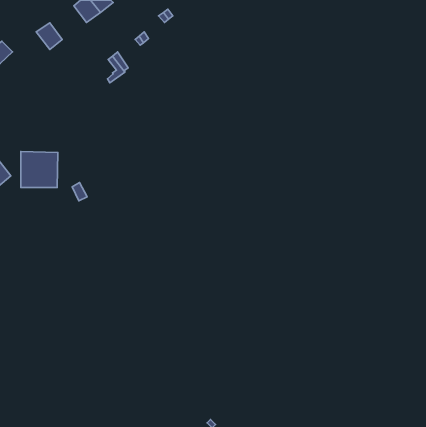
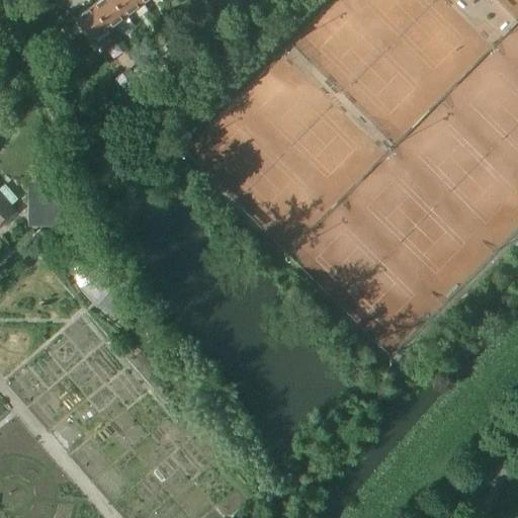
building: [36,23,62,50] -> [73,8,104,40]

